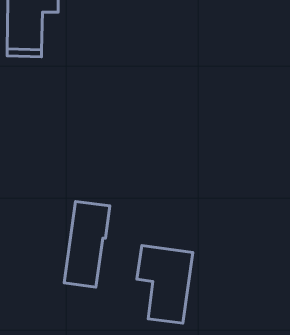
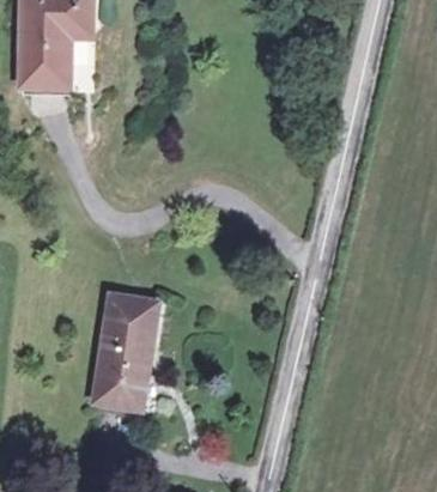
building: [137,246,193,323] -> none

